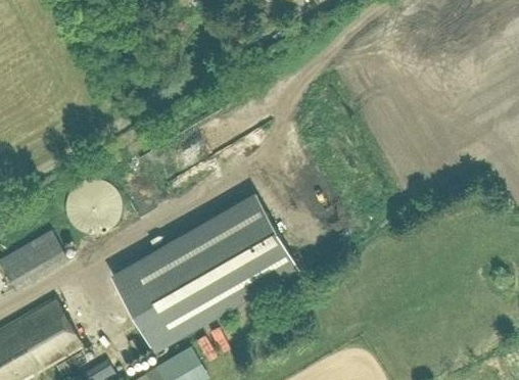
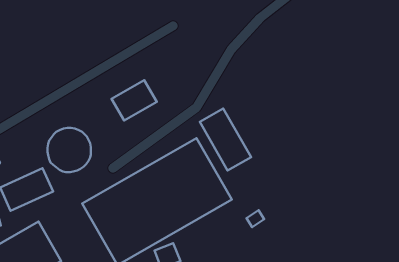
building: none -> [112,80,157,120]
building: none -> [200,108,251,171]

